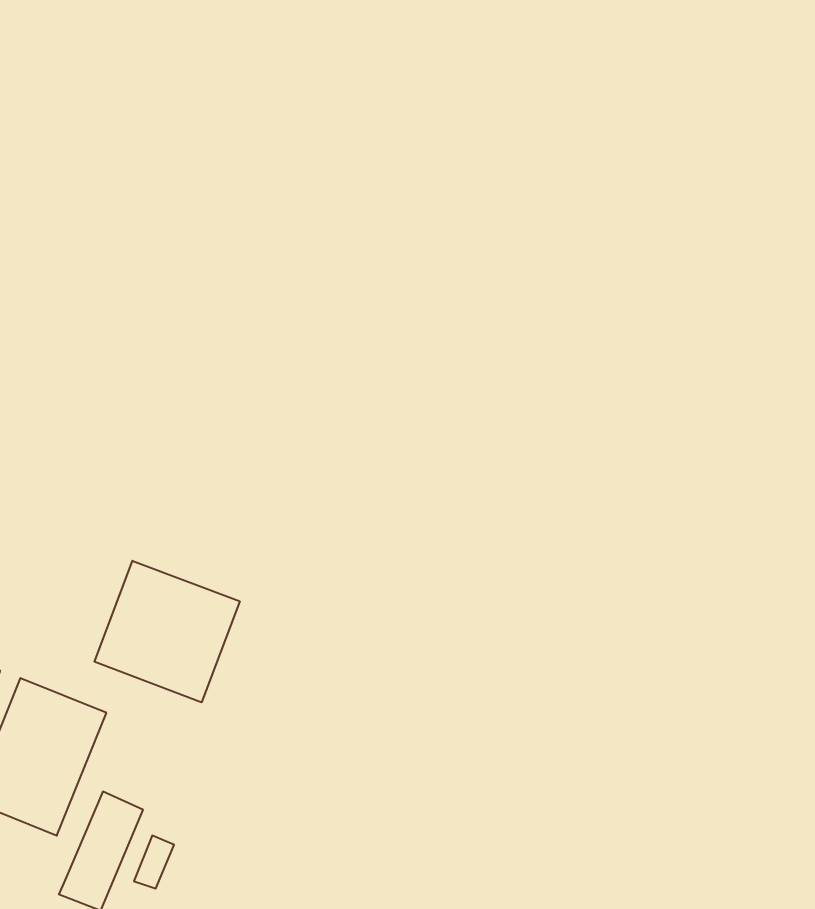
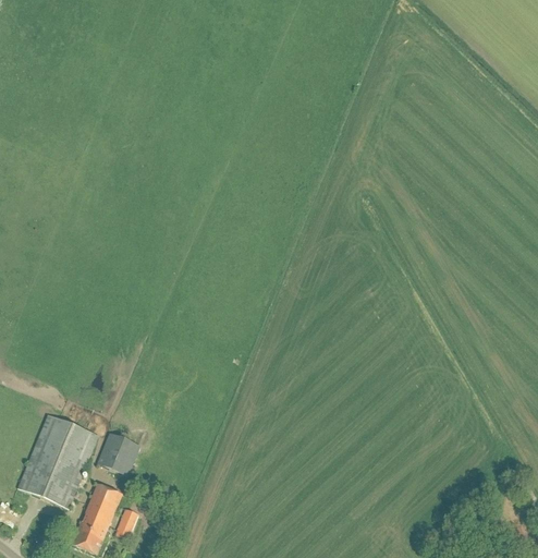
building: [94,561,240,702] -> none
building: none -> [97,433,139,475]

